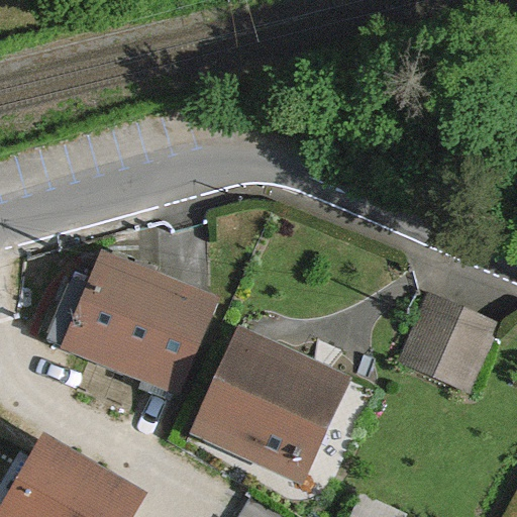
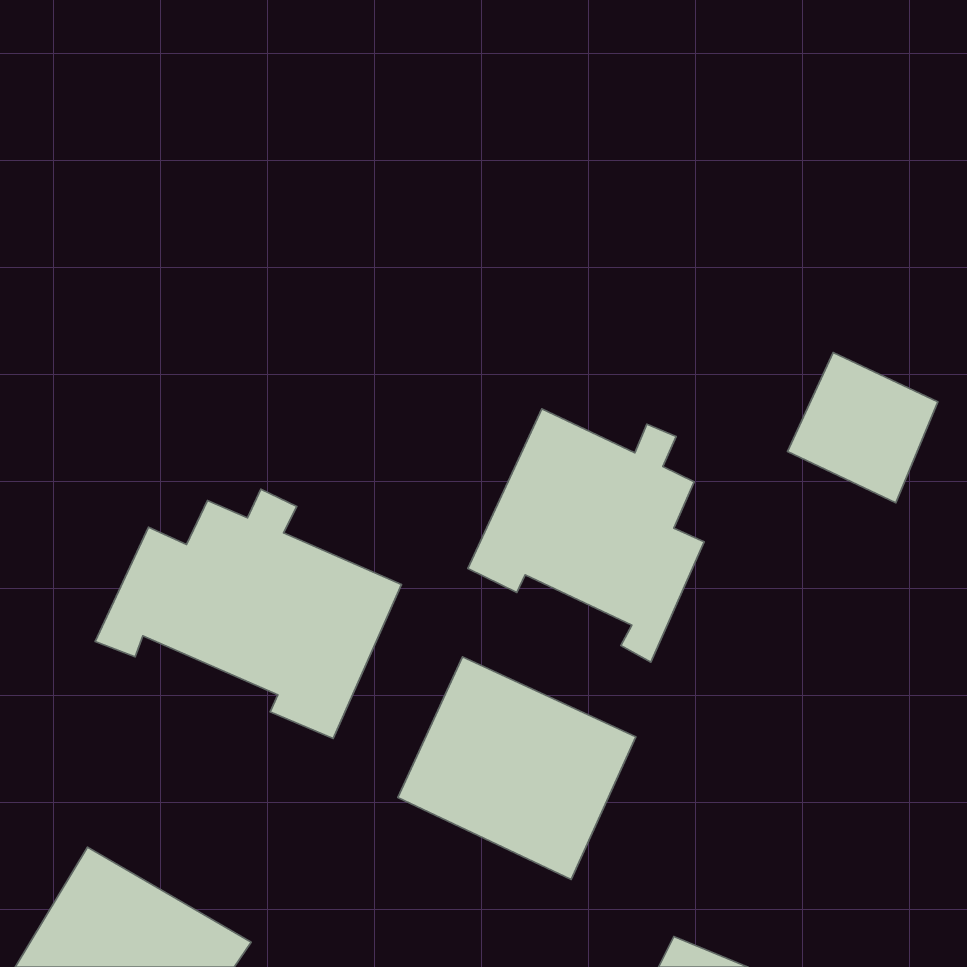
building: none -> [468,409,704,662]
building: [410,305,490,385] -> [787,352,938,503]

